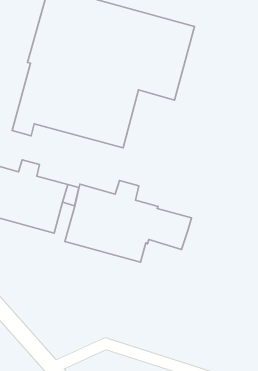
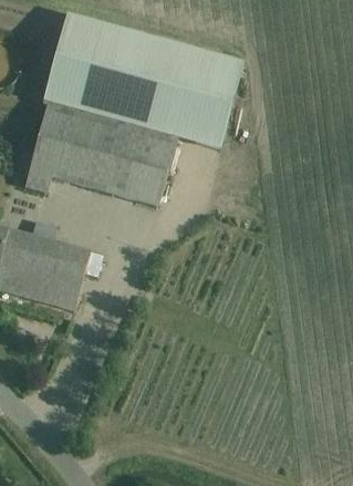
building: [65,180,191,262] -> none

